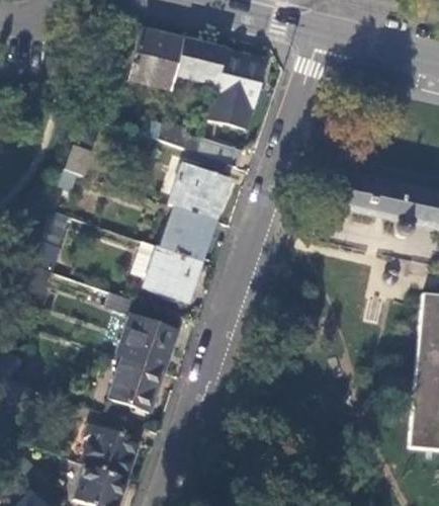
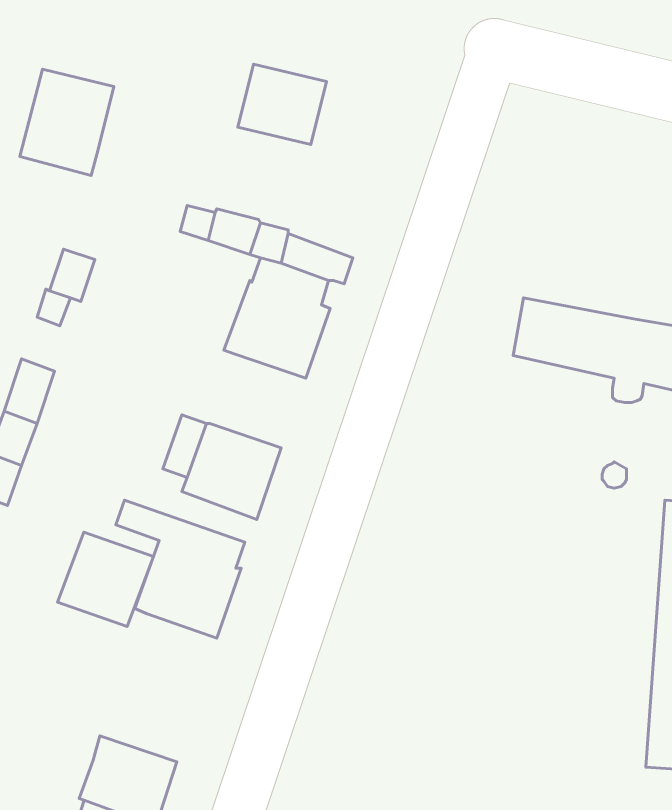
building: [129,28,184,90] -> [20,69,114,176]
building: [210,49,268,128] -> none
building: [159,206,214,261] -> none
building: [107,357,163,412] -> [58,532,153,626]

